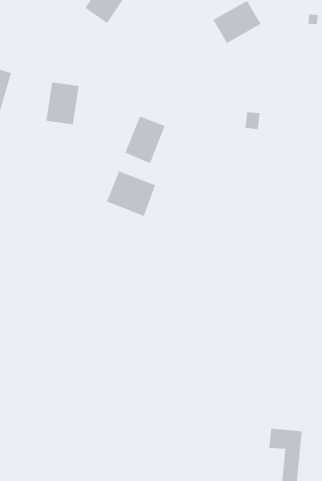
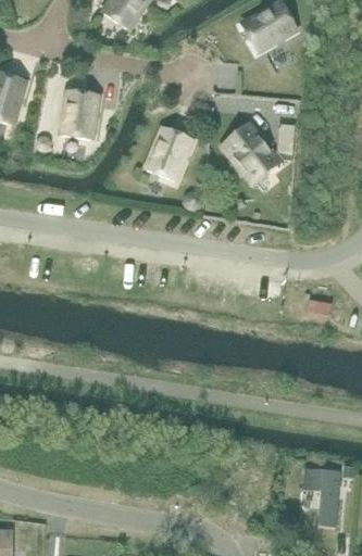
building: none -> [224,125,277,181]
building: [106,171,156,217] -> none

